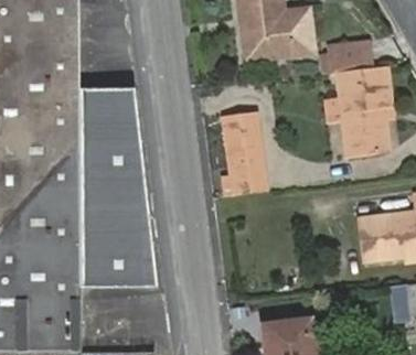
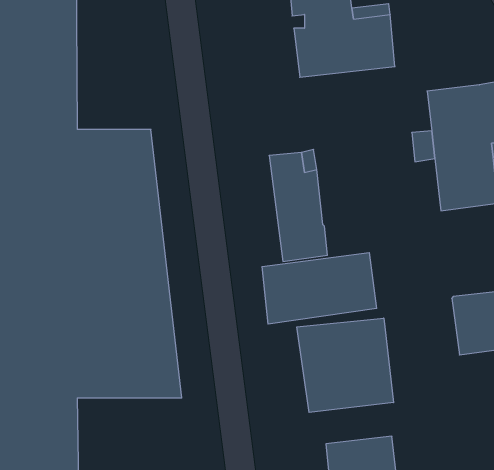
building: [324,36,373,68] -> none
building: none -> [262,253,377,324]
building: none -> [297,318,394,412]

